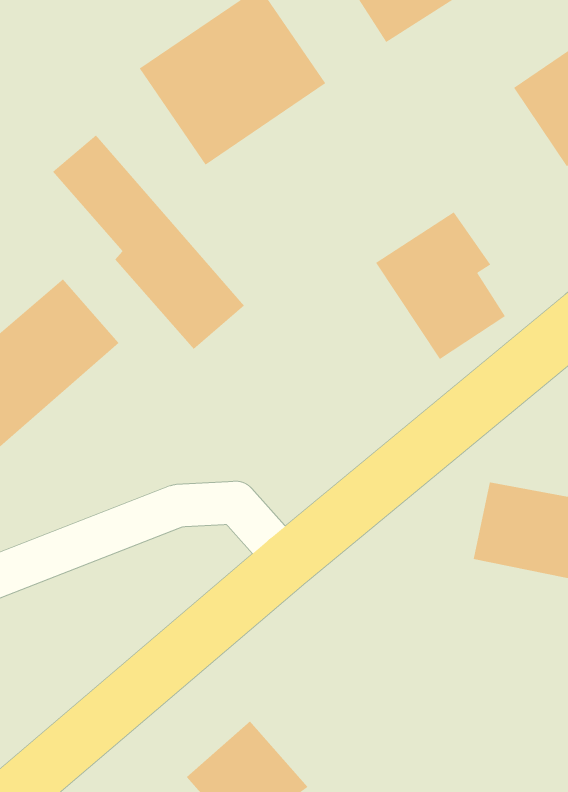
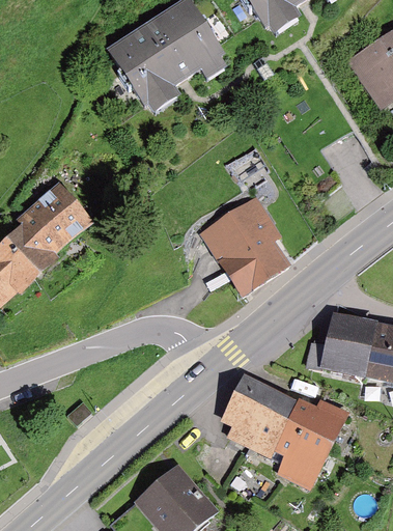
building: [52,134,245,350] -> none
building: [375,211,506,360] -> [203,198,287,294]
building: none -> [222,375,350,491]

